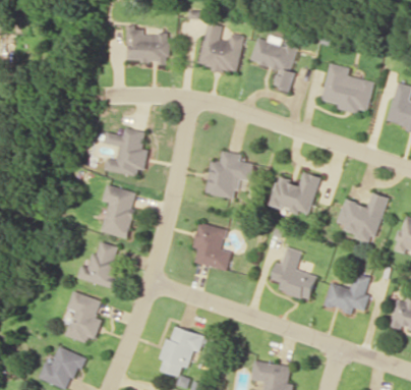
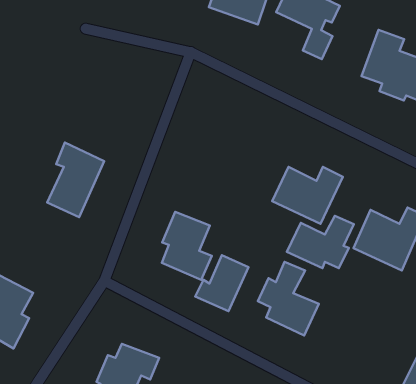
building: [105,128,149,176] -> none
building: [206,151,252,199] -> none
building: [77,241,119,288] -> none
building: none -> [195,255,249,311]
building: [322,273,369,314] -> [287,216,354,268]

